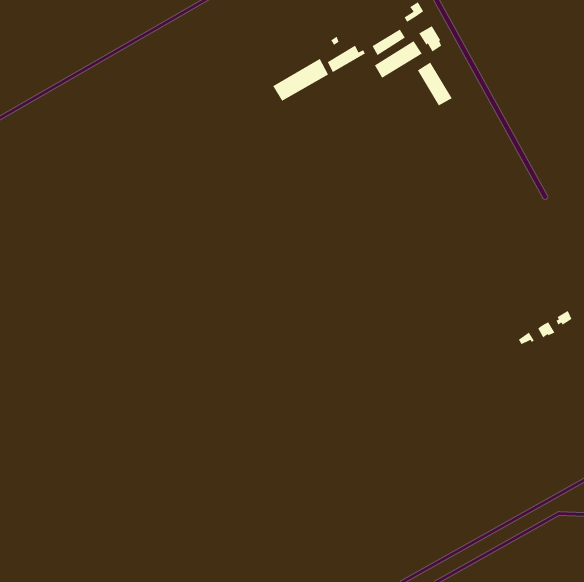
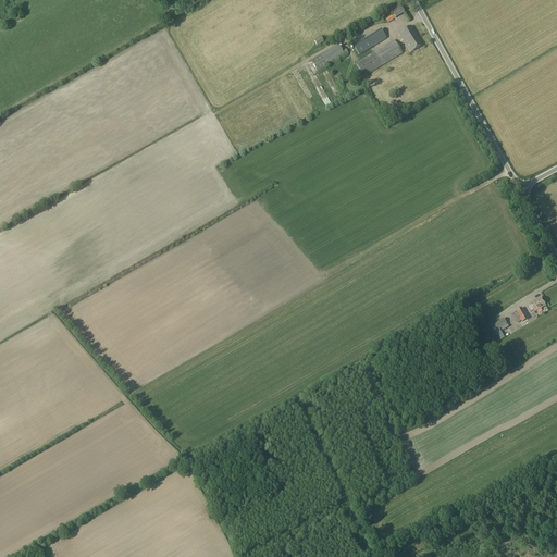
building: [272,58,329,102] -> none
building: [417,62,453,106] -> none

